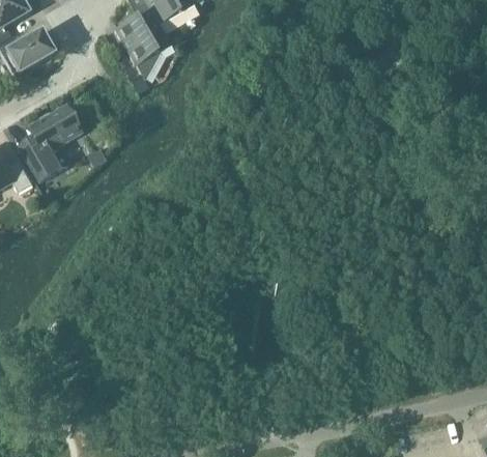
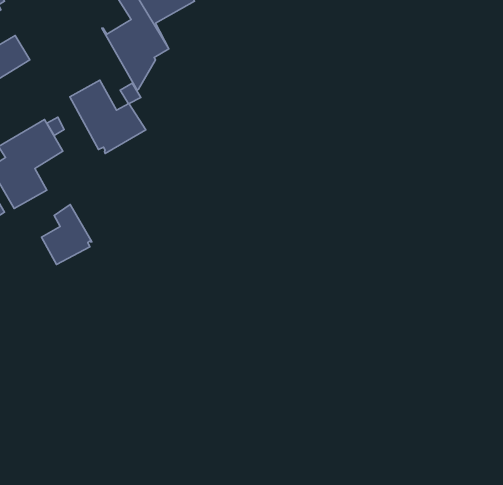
building: none -> [70,80,146,154]
building: none -> [41,204,92,265]

